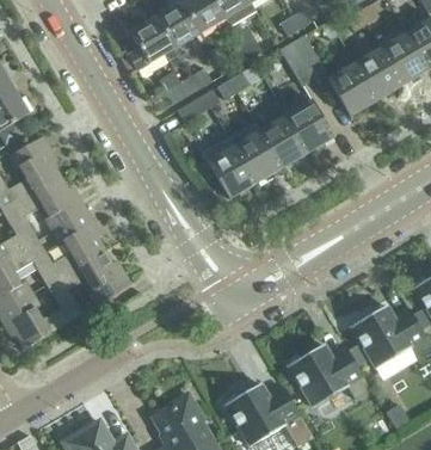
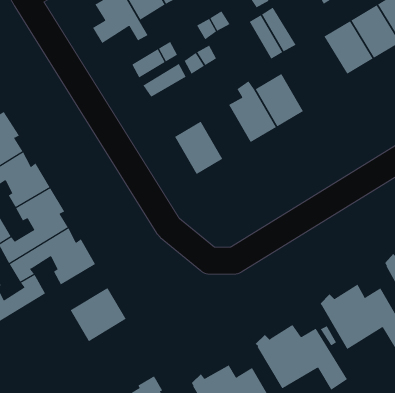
building: [326,62,375,115] -> none
building: [233,129,281,181] -> none
building: none -> [70,287,127,342]

